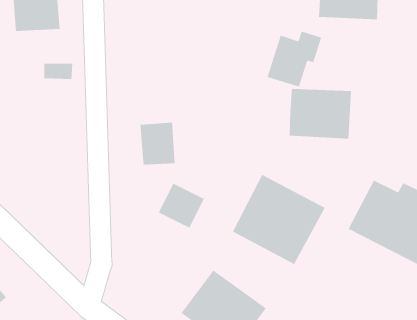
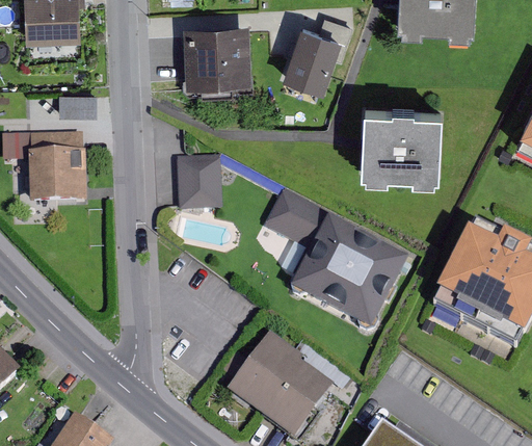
building: none -> [187,23,251,84]
building: [267,30,322,87] -> [278,18,347,88]
building: none -> [26,129,87,204]
building: [158,183,205,229] -> [267,187,325,244]

